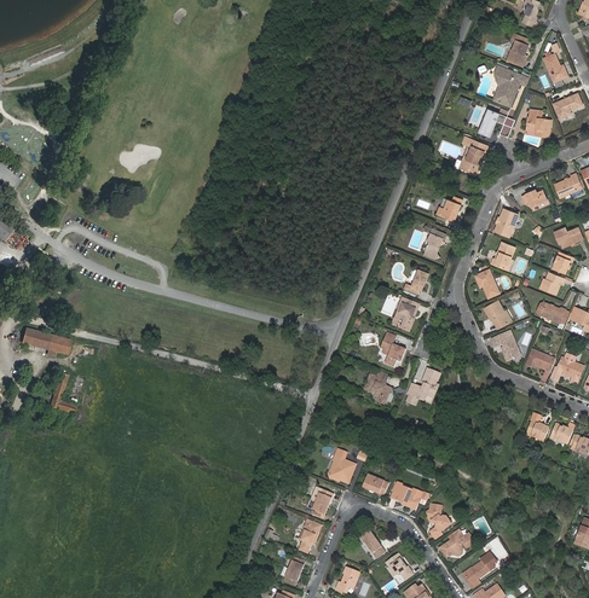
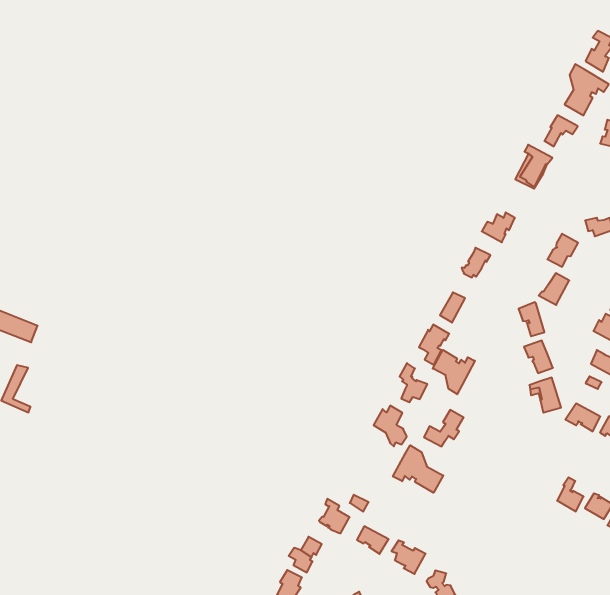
building: none -> [433,350,475,394]
building: none -> [393,445,443,493]

